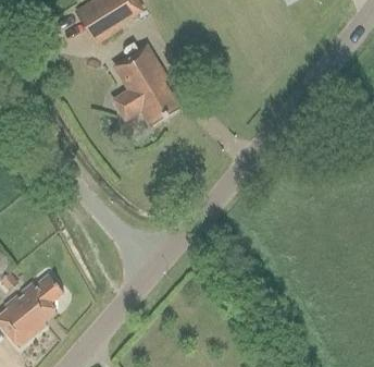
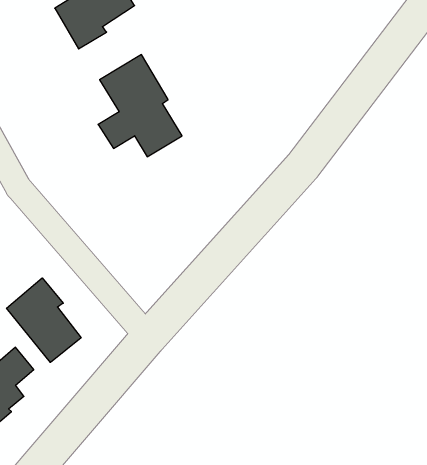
building: none -> [7,278,81,362]

